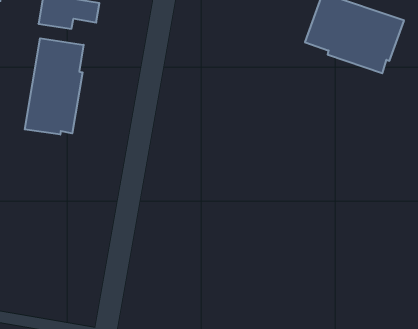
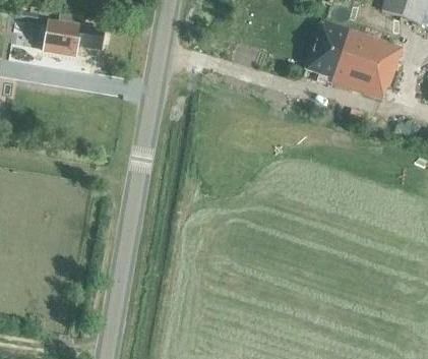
building: [25,38,84,135] -> none

